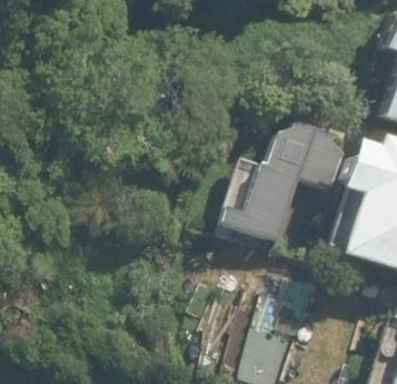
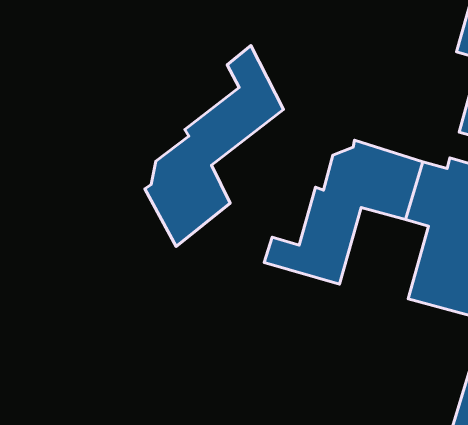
building: none -> [145,45,284,246]

